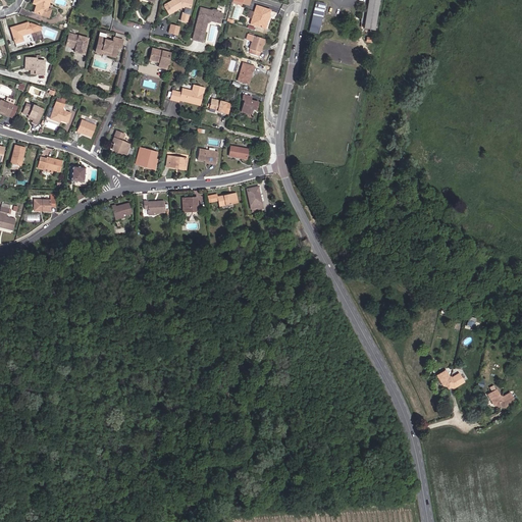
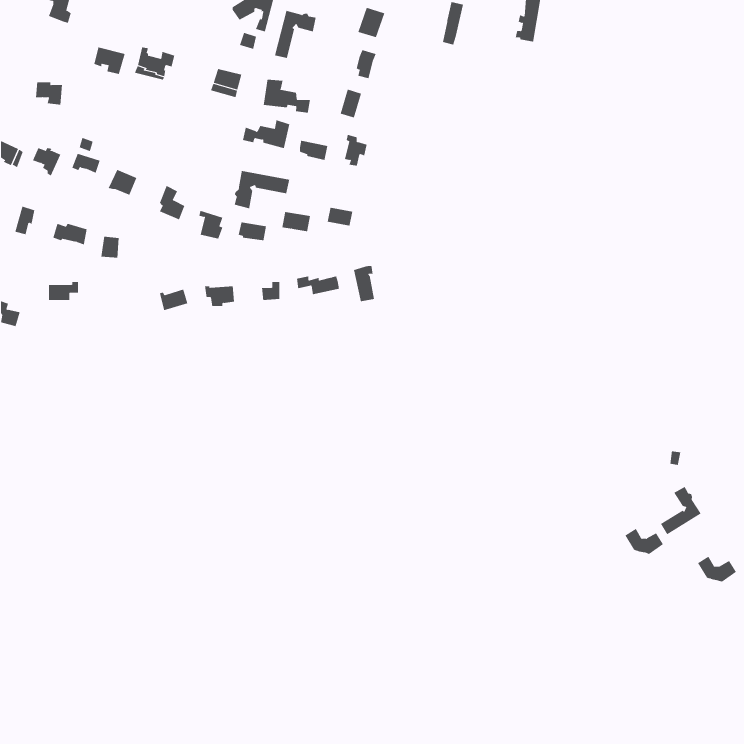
building: [11,20,42,46] -> none
building: none -> [263,79,310,113]
building: none -> [234,170,290,209]
building: none -> [660,486,701,535]

